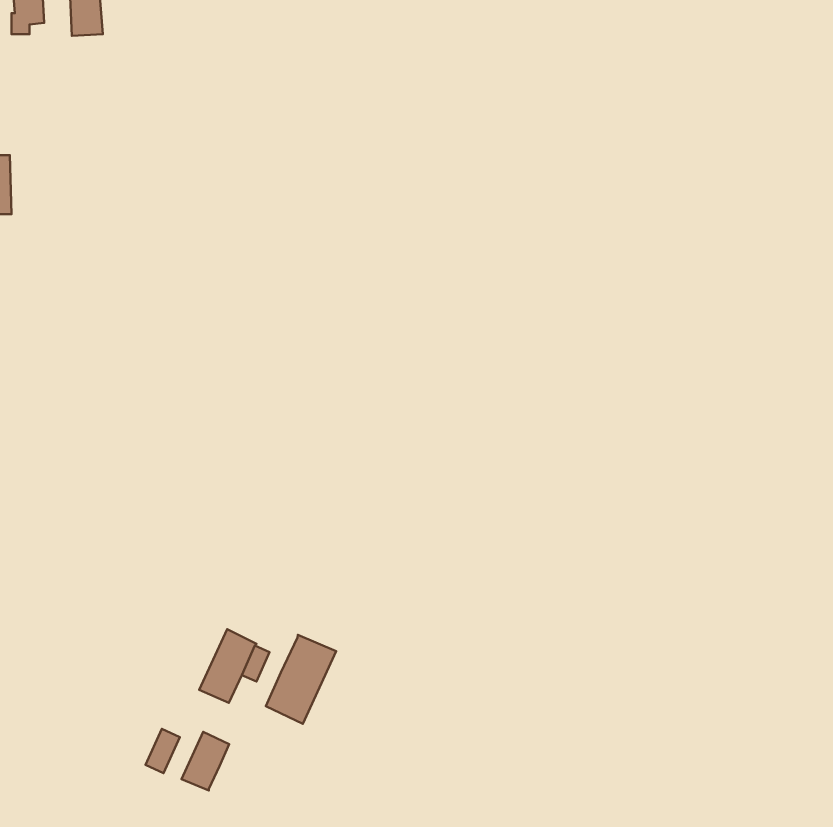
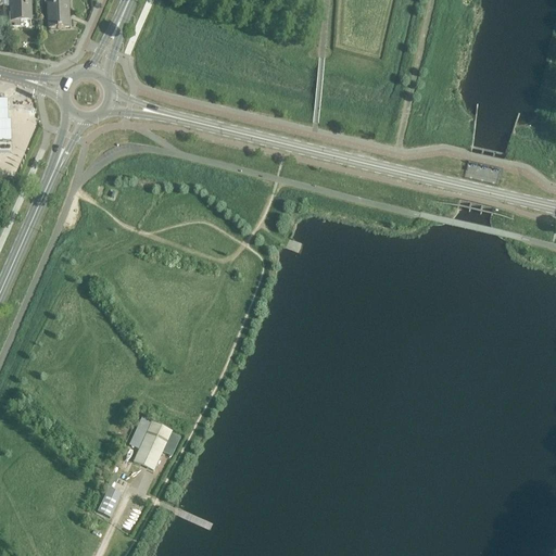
building: [266,635,336,724] -> none
building: [182,732,229,791] -> none

